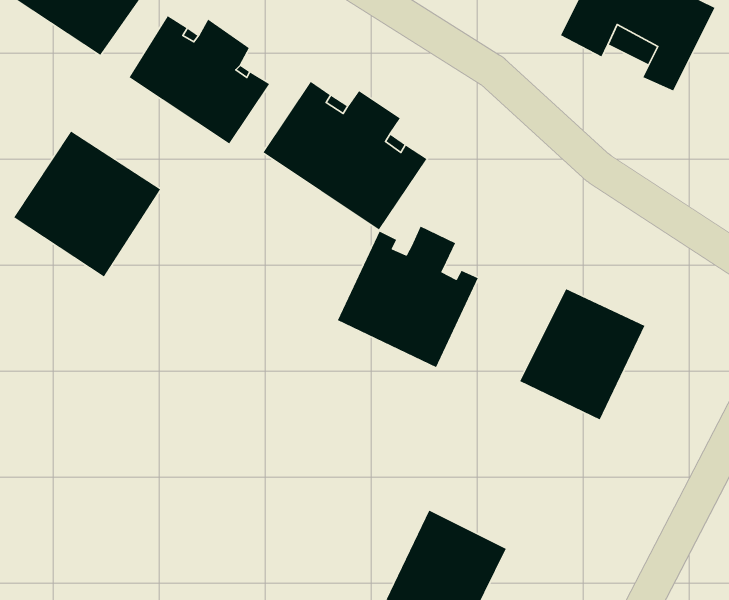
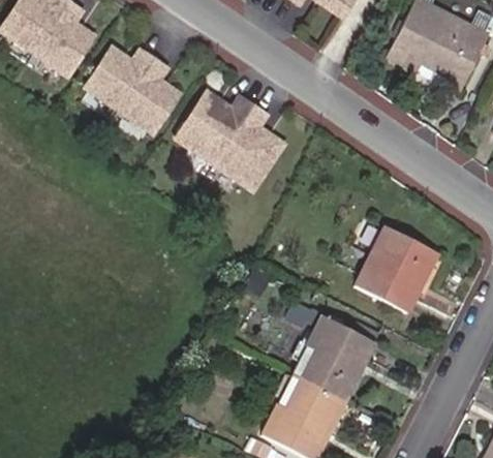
building: [13,131,161,278] -> none
building: [337,226,479,368] -> none
building: none -> [289,313,372,400]

